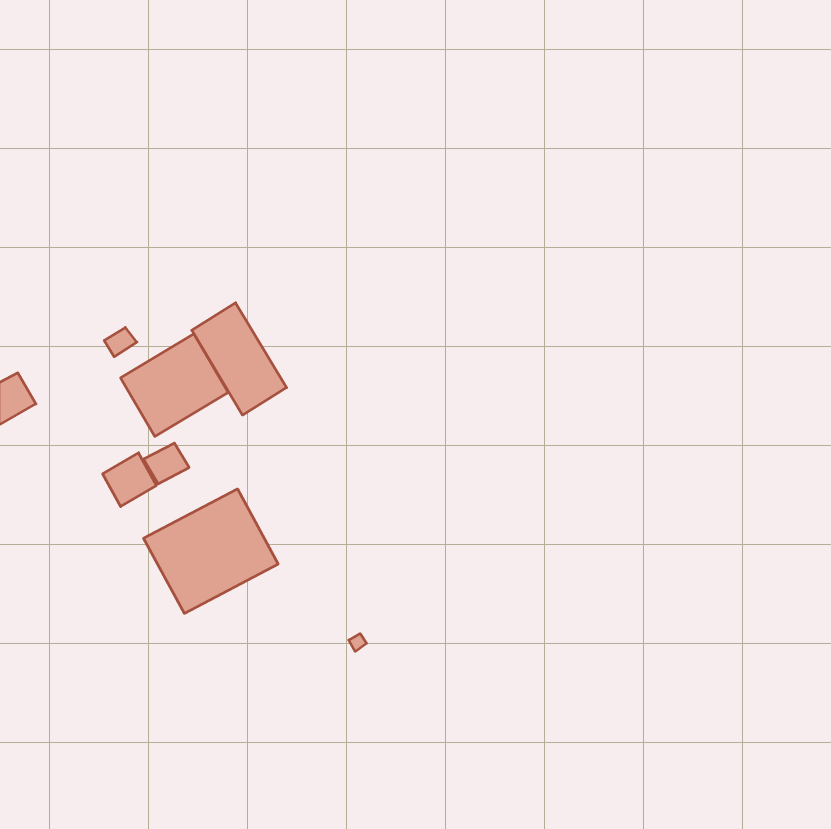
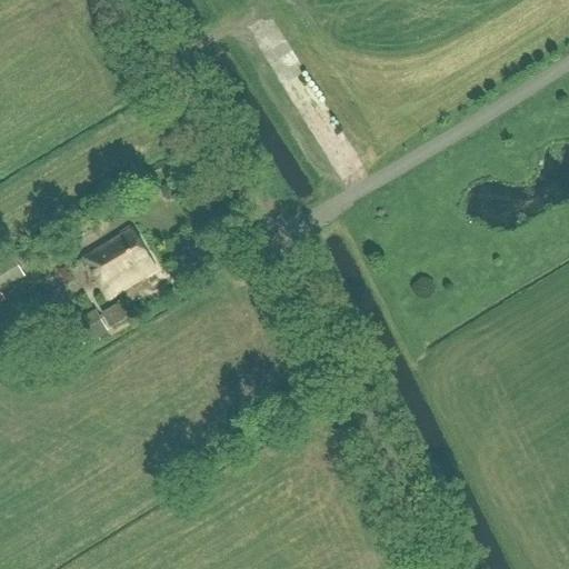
building: [192,303,287,415] -> none
building: [144,489,278,613] -> none

